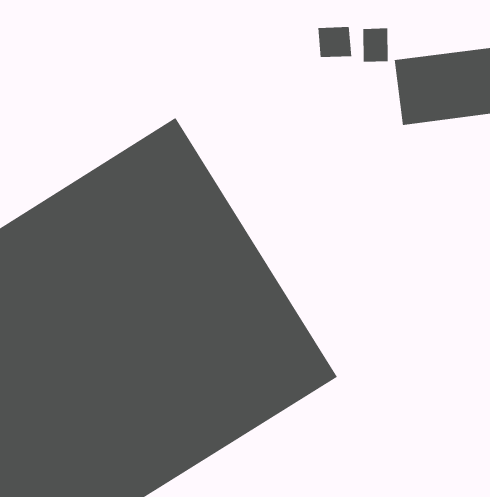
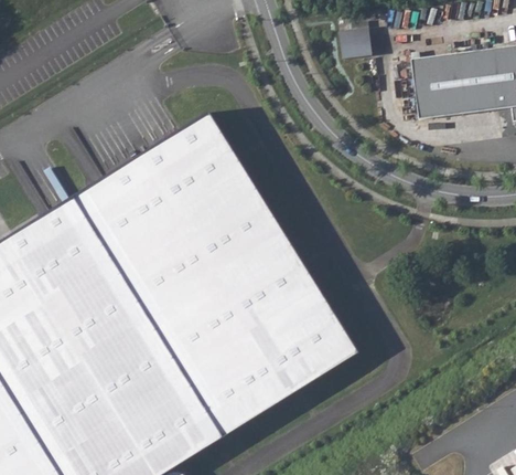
building: [363,27,388,63] -> none

